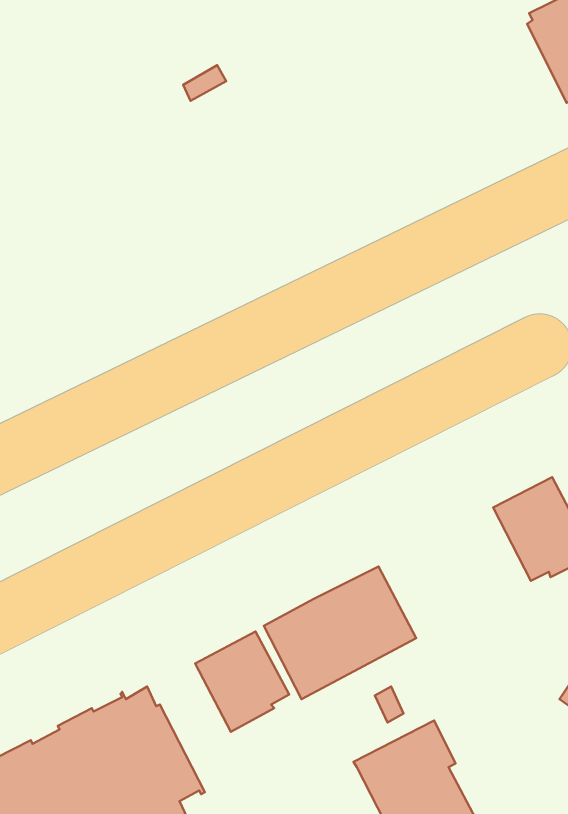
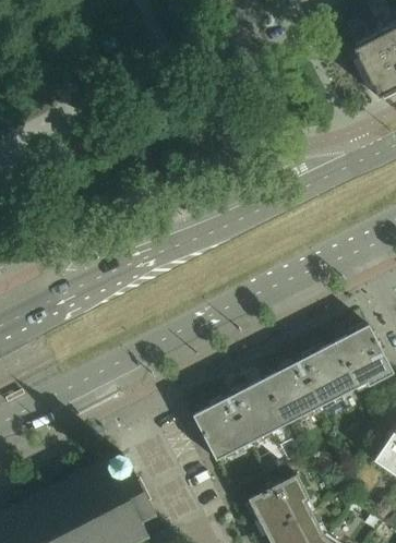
building: none -> [263,343,356,423]
building: [195,632,289,732] -> none

